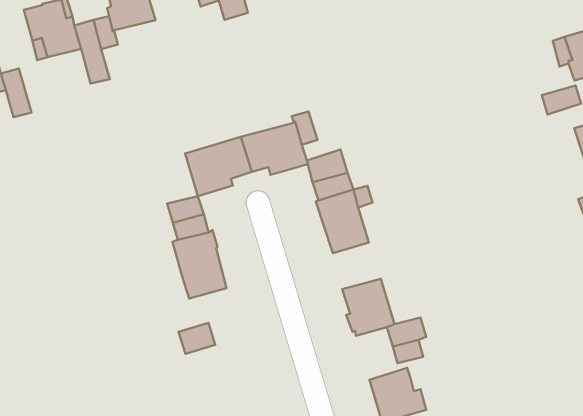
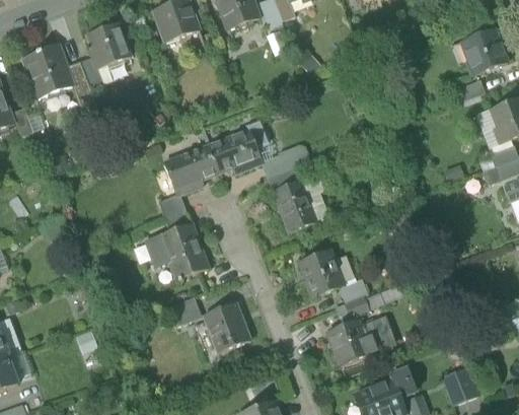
building: none -> [143,233,169,267]
building: none -> [204,300,250,351]
building: none -> [360,317,395,351]

